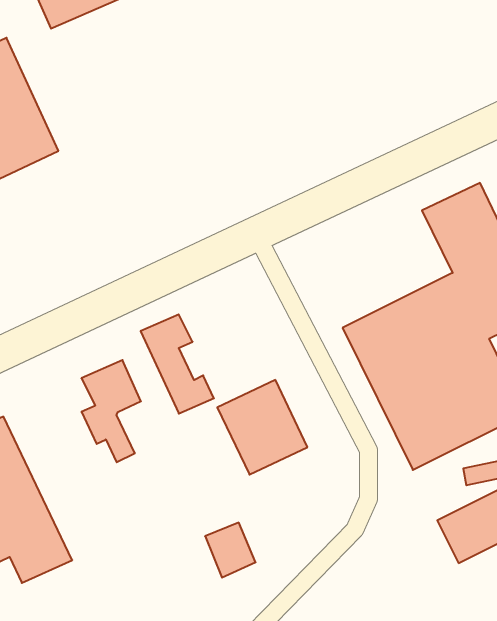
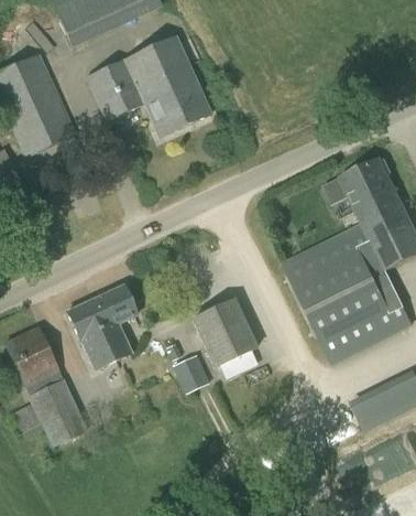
building: none -> [86,35,211,137]
building: [141,314,214,414] -> [66,298,119,369]
building: [205,523,256,578] -> [173,353,209,393]

